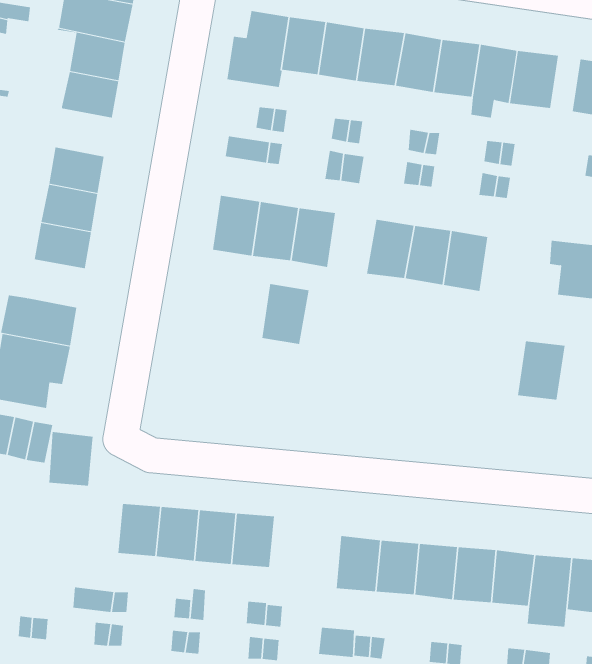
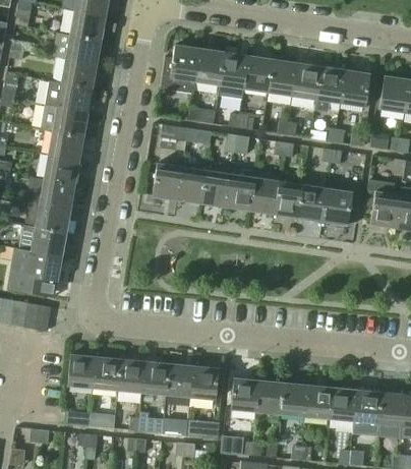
building: none -> [39,104,89,137]
building: none -> [35,202,71,233]
building: [261,284,310,345] -> [225,173,255,212]
building: [517,341,565,400] -> [321,188,352,226]
building: [49,432,94,486] -> [66,354,95,389]
building: none -> [188,365,217,400]

